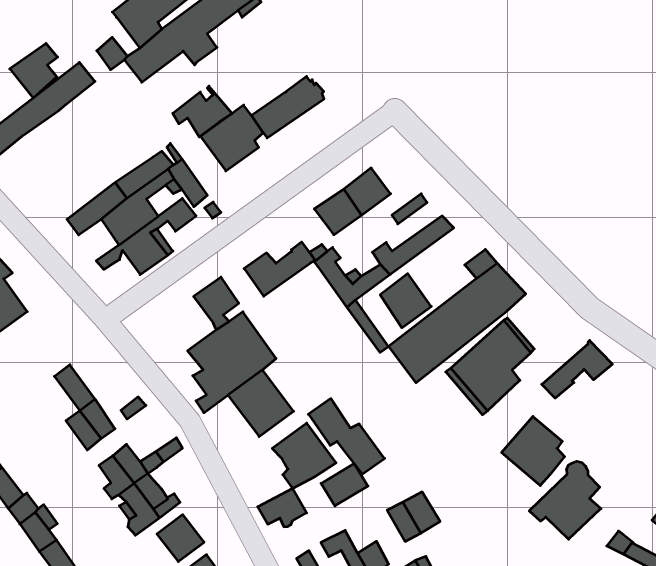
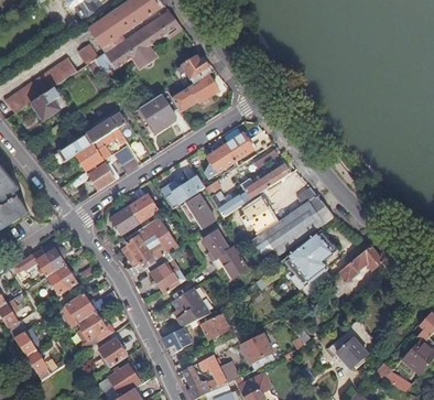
building: [10,43,58,98] -> [30,87,59,120]
building: [173,86,232,137] -> [177,53,214,84]
building: none -> [184,196,215,228]
building: none -> [110,206,140,235]
building: none -> [11,250,55,281]
building: [308,399,385,474] -> [203,231,248,279]
building: [502,416,565,486] -> none

